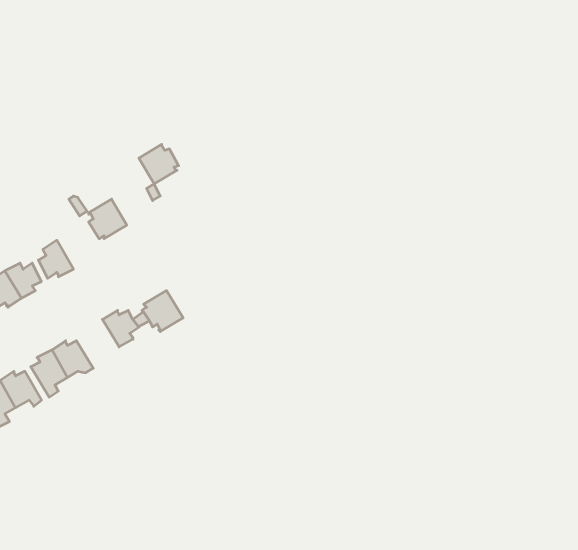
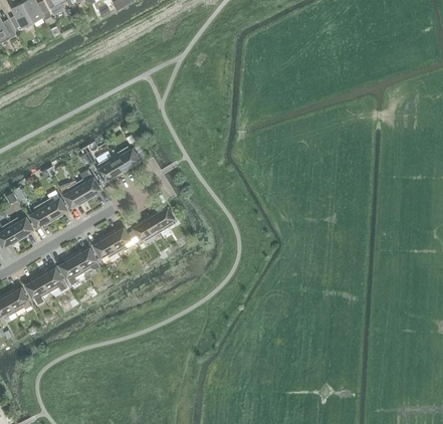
building: [139,144,179,184] -> [112,147,138,173]
building: none -> [75,170,99,202]
building: none -> [148,207,174,234]
building: none -> [92,235,117,265]

